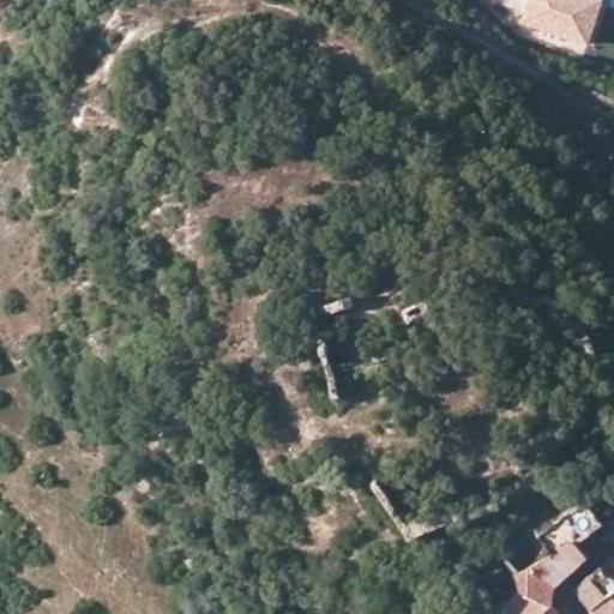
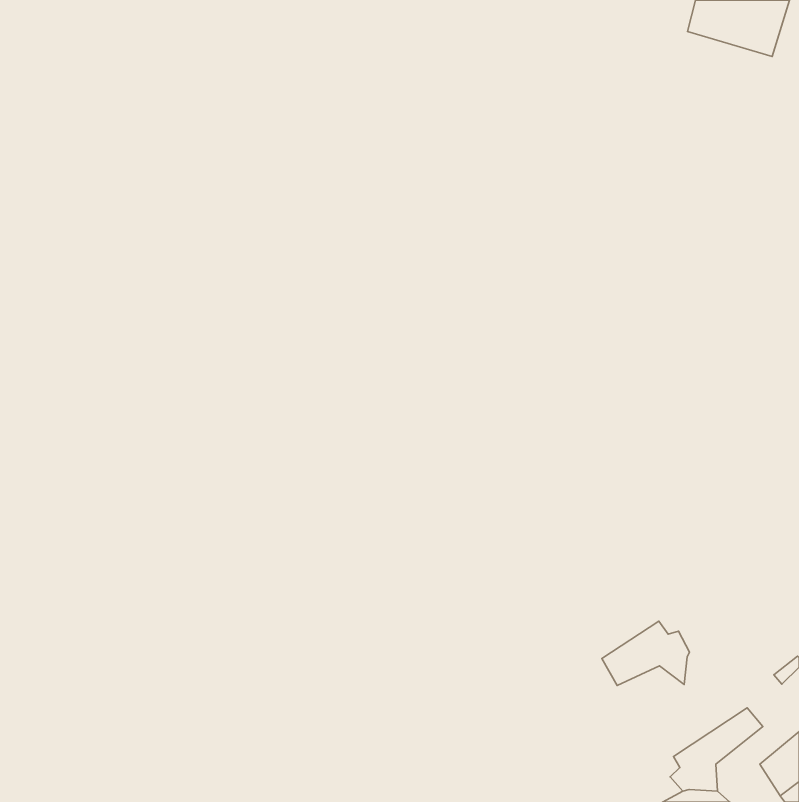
building: none -> [602,621,690,685]

